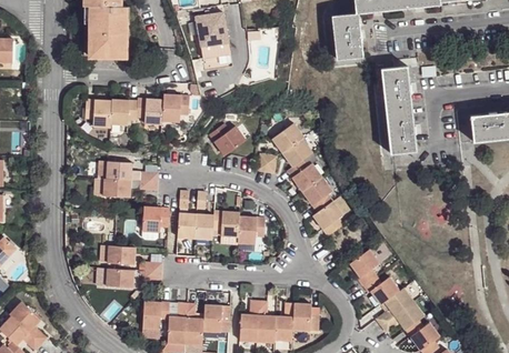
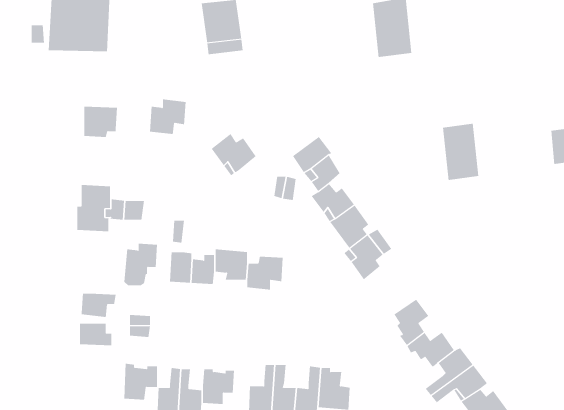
building: [382,69,412,117] -> none
building: [83,98,109,125] -> none
building: [134,99,161,124] -> none

